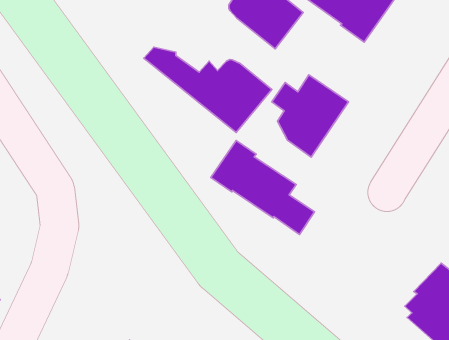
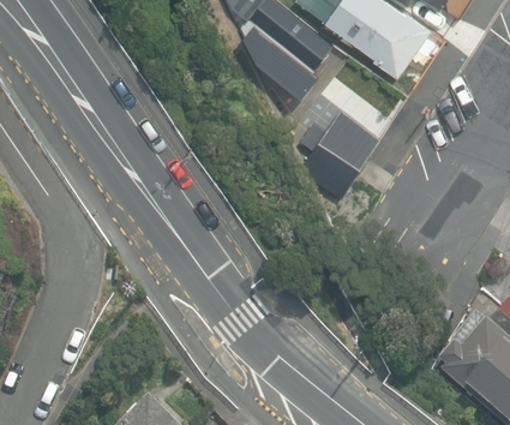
building: [144,47,272,133] -> none
building: [211,141,315,234] -> none

